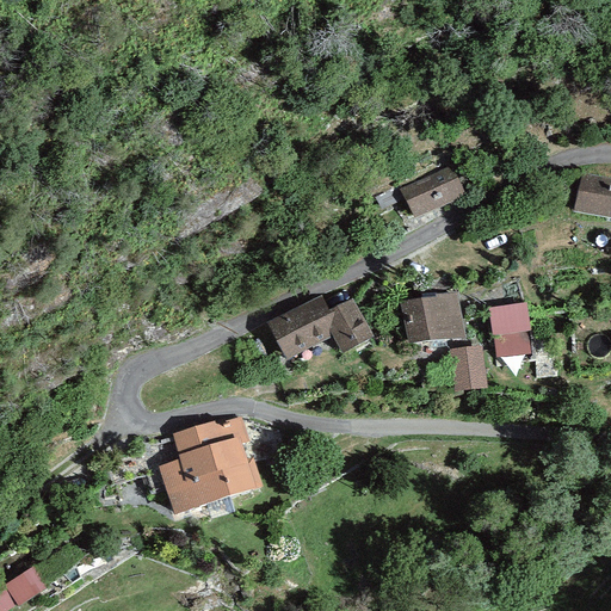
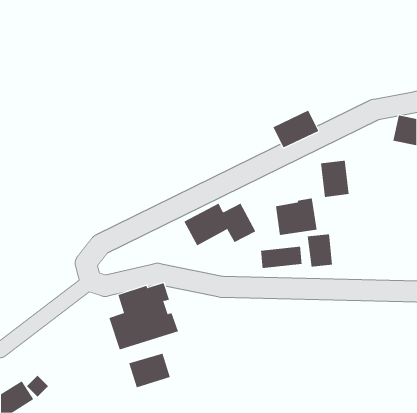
building: [488,302,531,357] -> [320,160,350,198]
building: none -> [261,246,302,269]
building: none -> [129,353,171,388]

